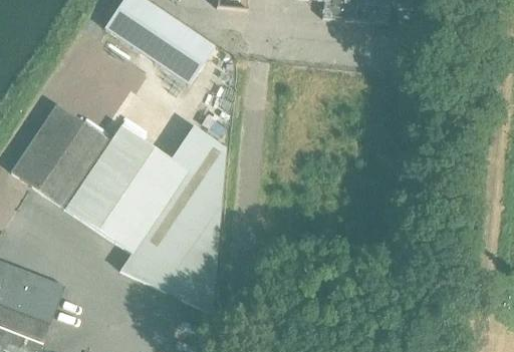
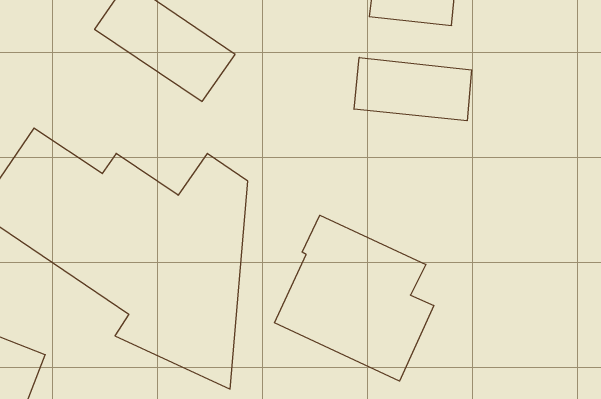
building: none -> [354,57,472,121]
building: none -> [275,215,434,381]

